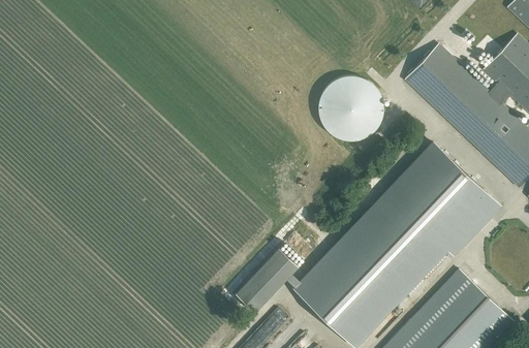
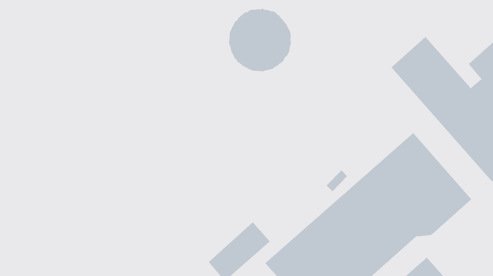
building: [318,75,383,140] -> [228,8,292,72]

